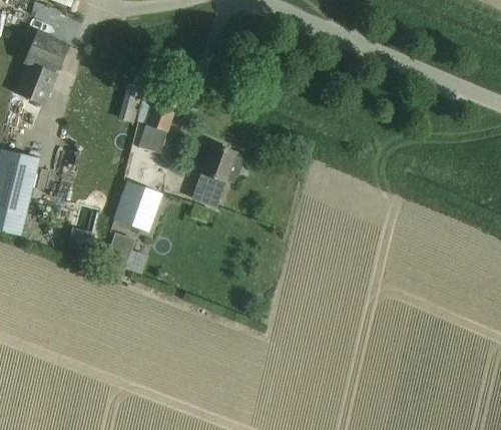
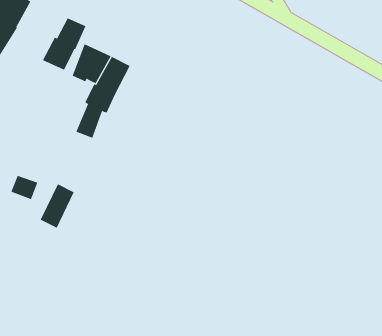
building: none -> [42,18,86,71]
building: [192,144,242,207] -> none
building: [112,180,161,232] -> none

